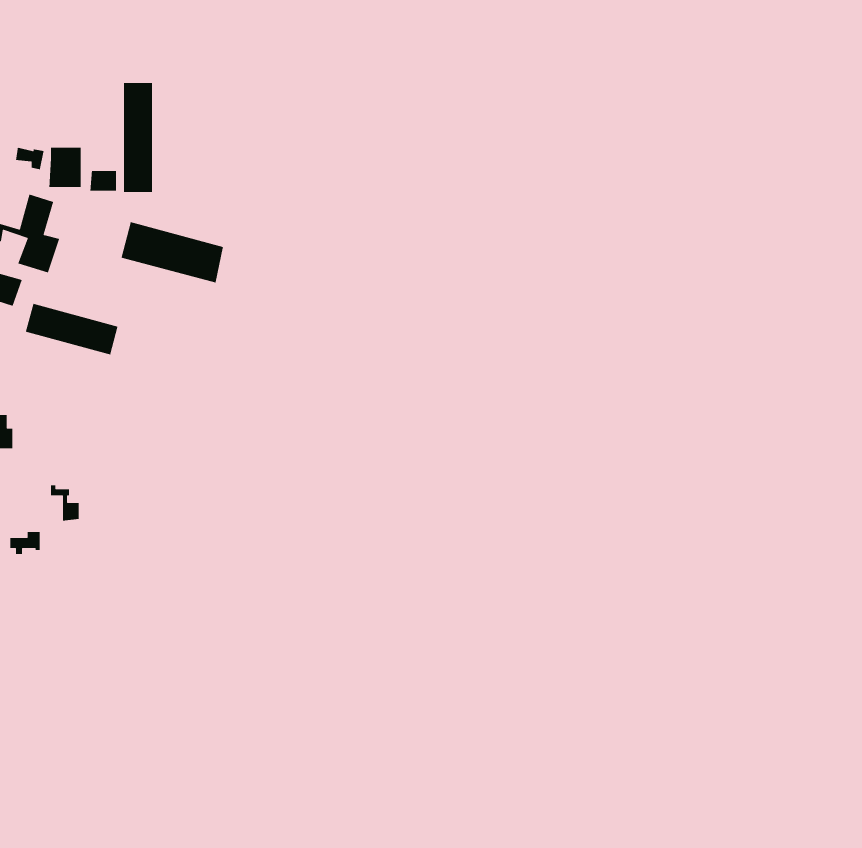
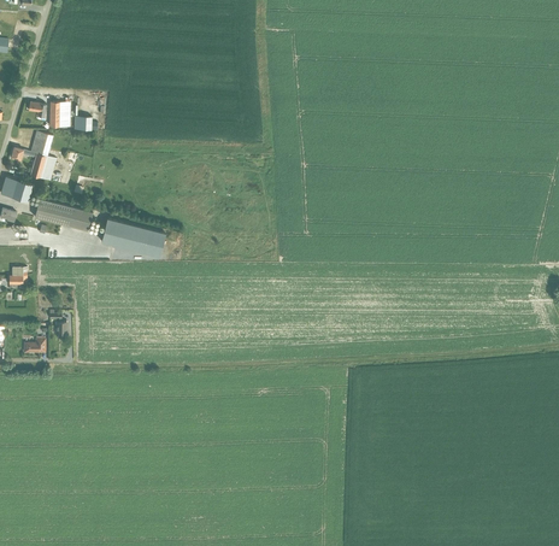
building: [123,82,153,193] -> none
building: [120,221,224,284] -> [100,217,164,256]

